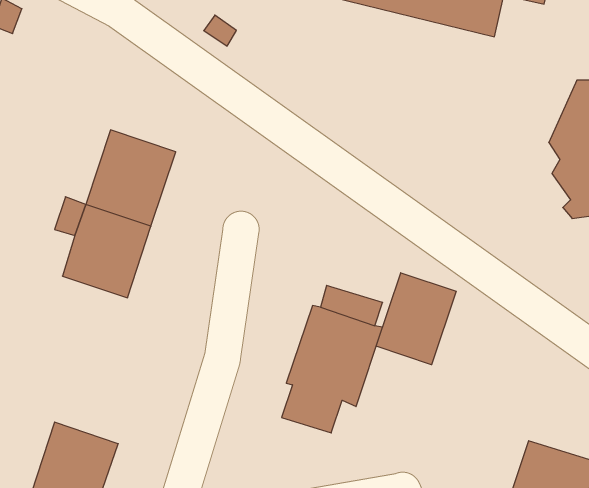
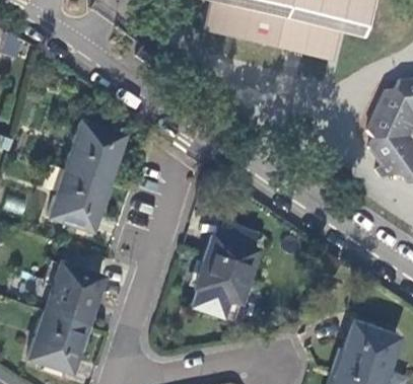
building: [376,273,456,365] -> none
building: none -> [46,262,105,325]

